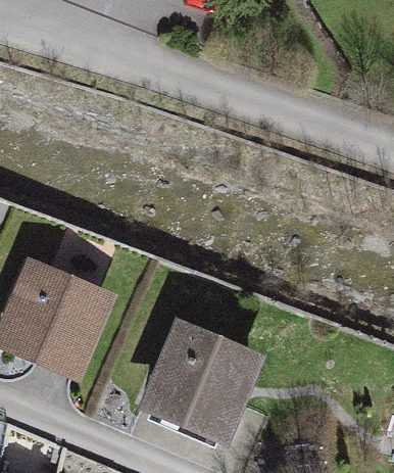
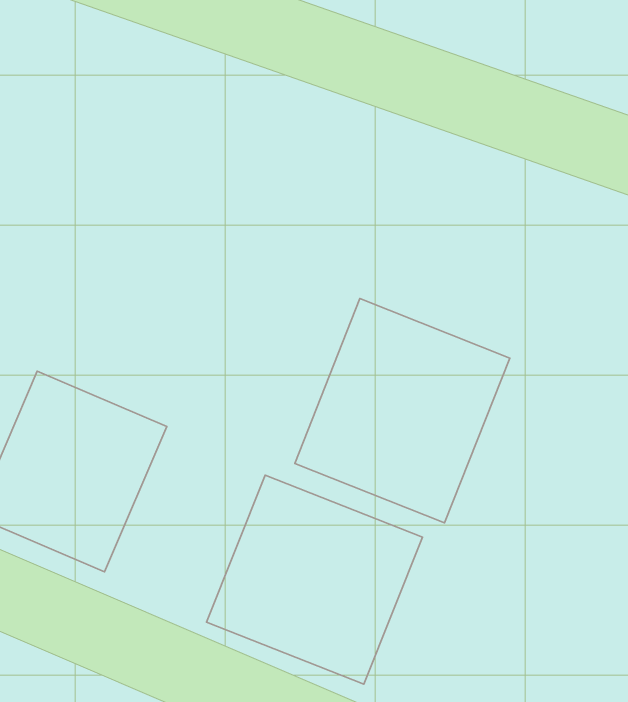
building: none -> [295,298,510,523]

